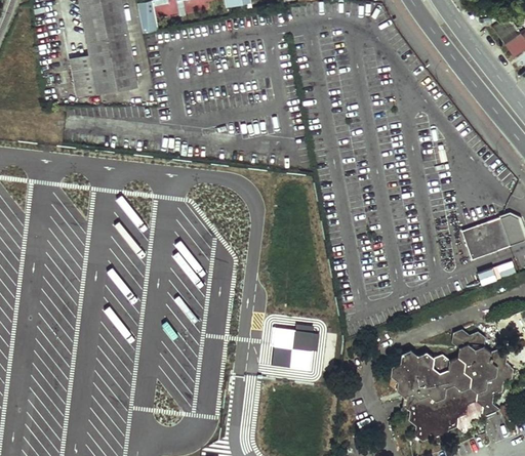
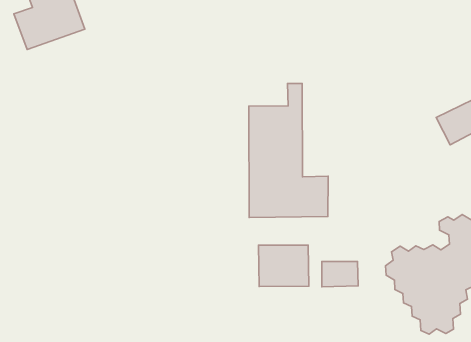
building: none -> [249,84,328,217]
building: none -> [322,262,358,287]

